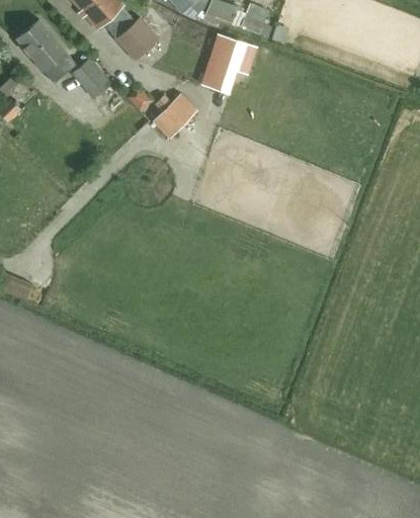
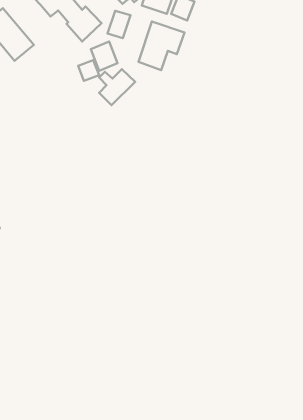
building: none -> [107,11,131,38]
building: [69,57,110,98] -> none
building: none -> [91,41,118,71]

